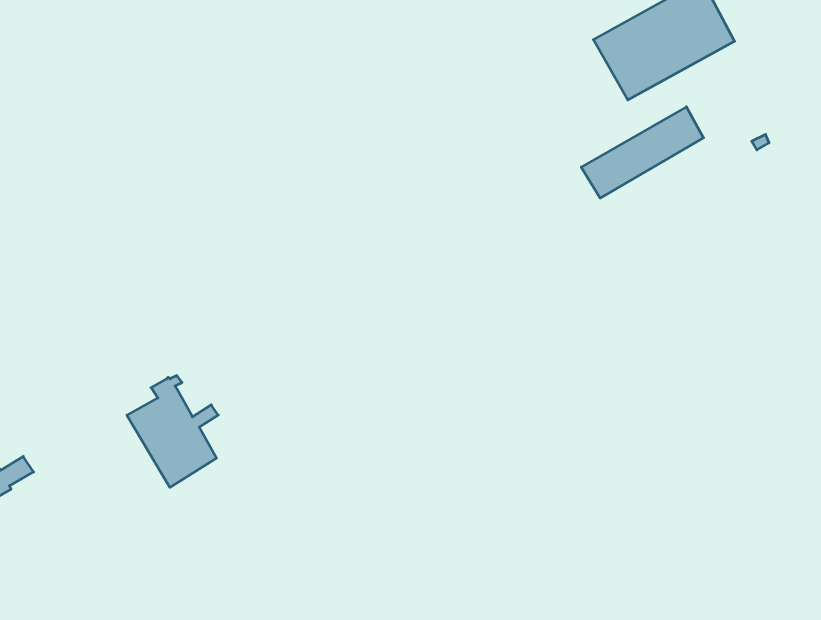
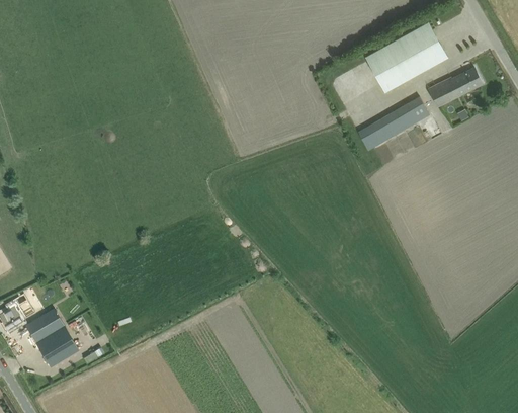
building: none -> [428,68,482,106]
building: [127,376,218,487] -> [25,302,79,367]

